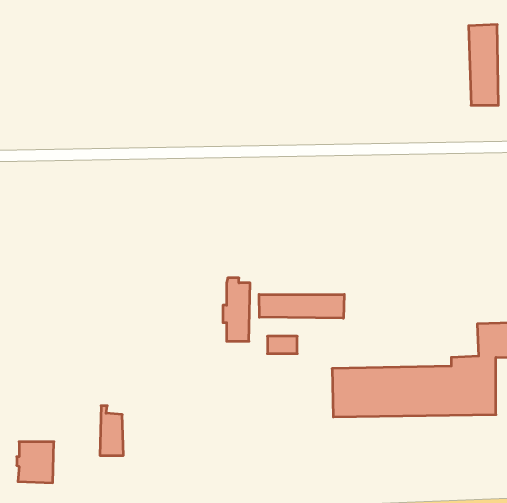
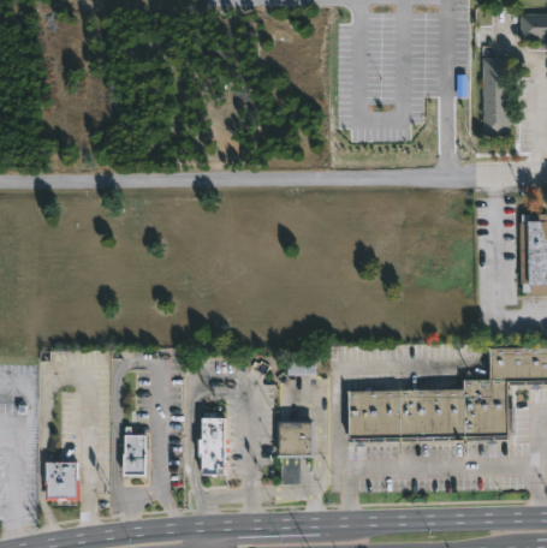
building: [223,278,250,341] -> [198,412,225,473]
building: [259,294,344,318] -> none
building: none -> [277,419,314,457]

